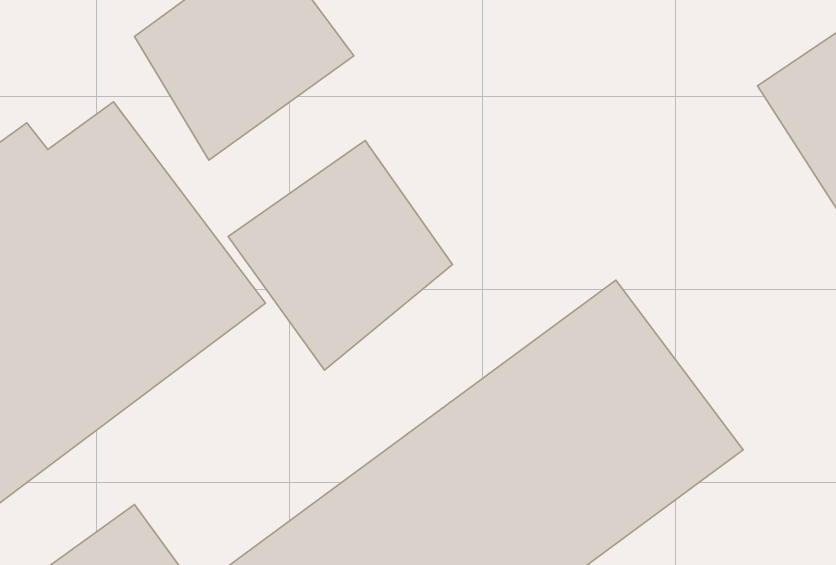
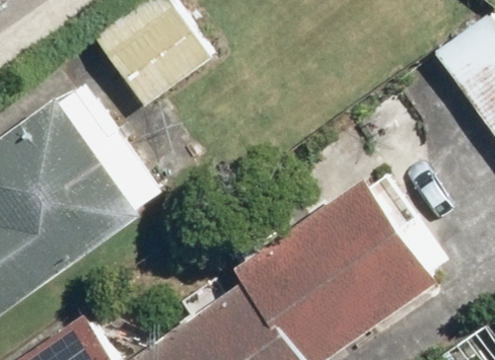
building: [228,140,453,370] -> none

